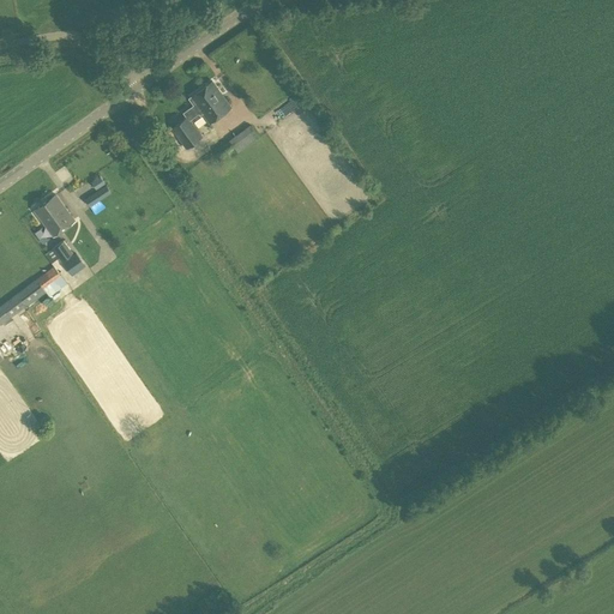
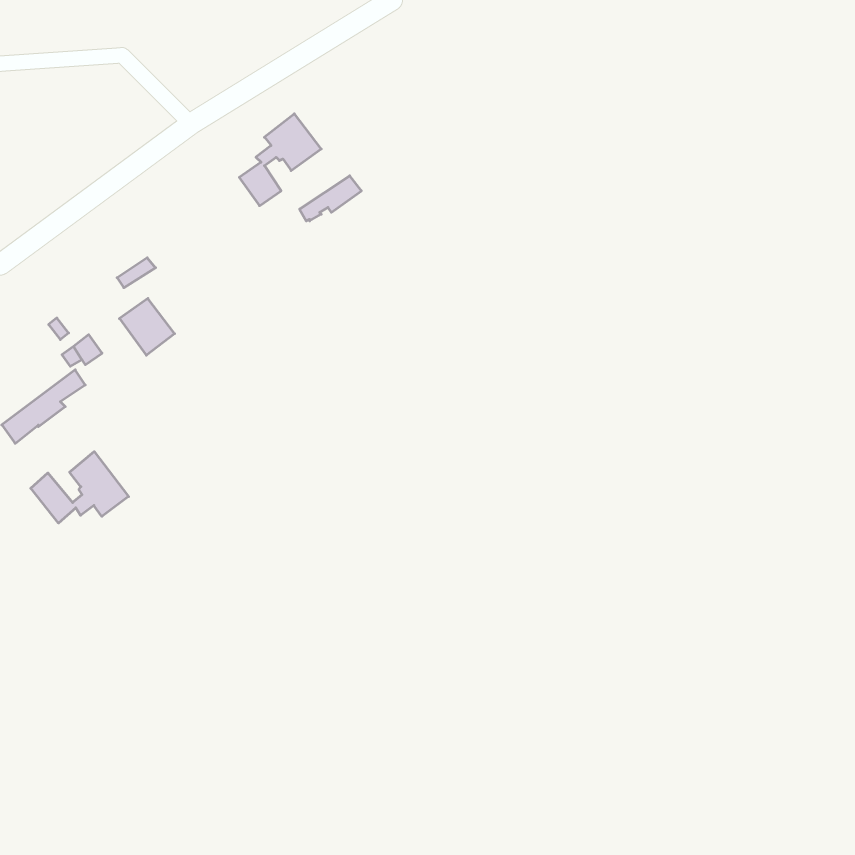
building: [35,195,74,236] -> [119,298,175,355]
building: none -> [31,452,129,523]

